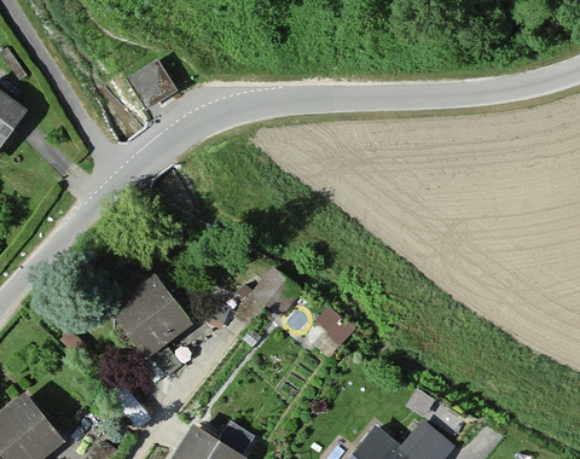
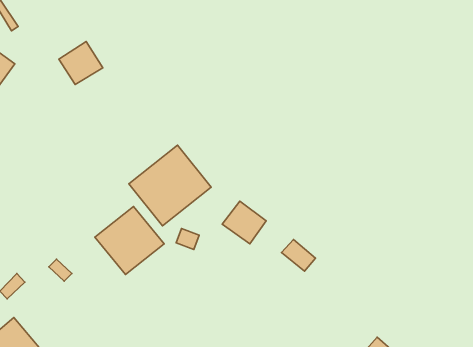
building: [127,59,175,106] -> [59,42,103,84]
building: none -> [129,145,211,226]

